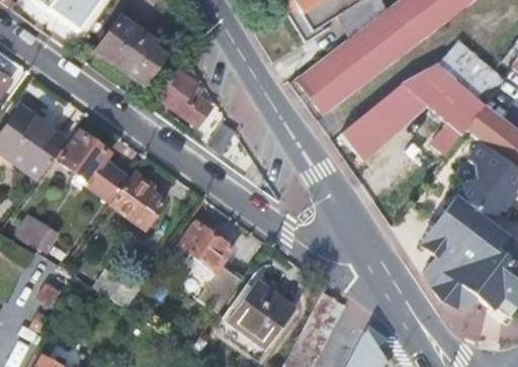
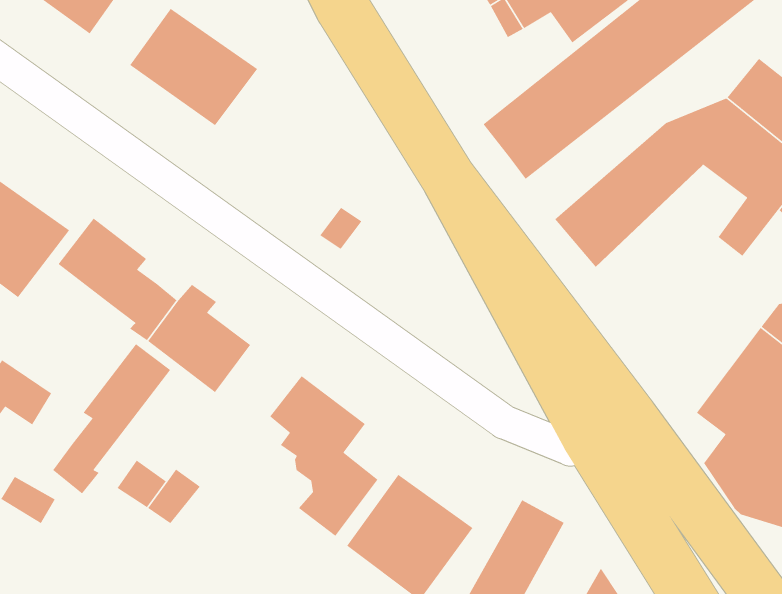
building: [157,69,212,127] -> none
building: none -> [52,343,171,494]

